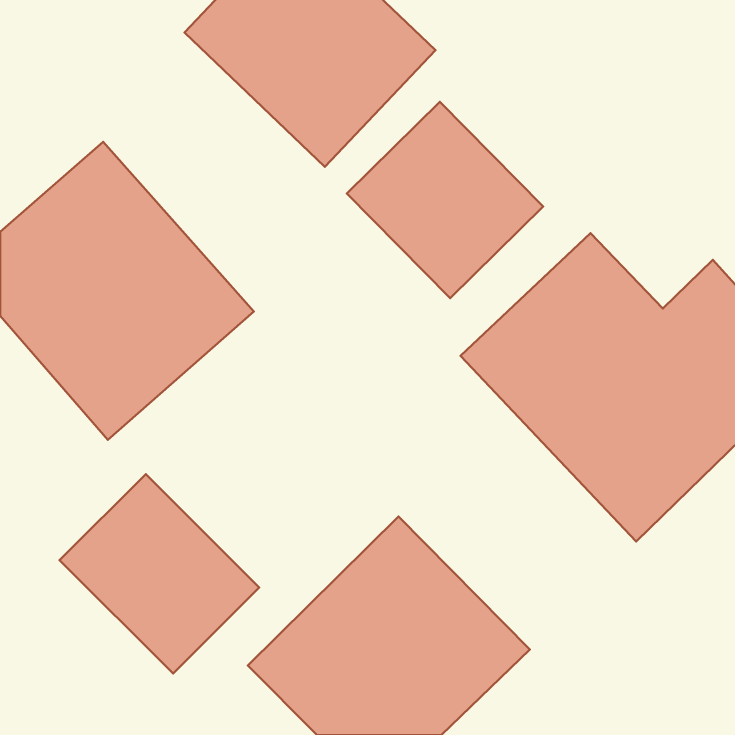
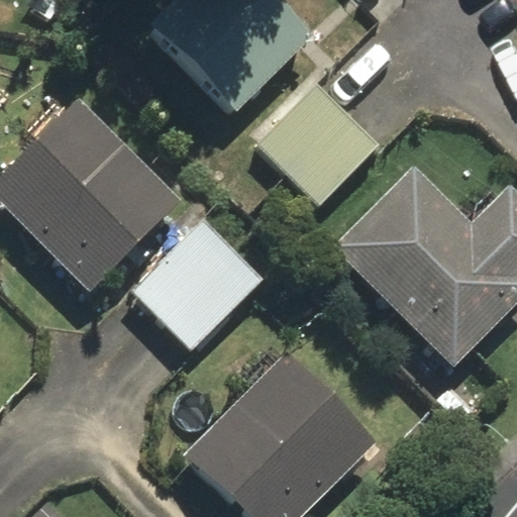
building: none -> [129,214,270,354]
building: [60,474,259,674] -> none

